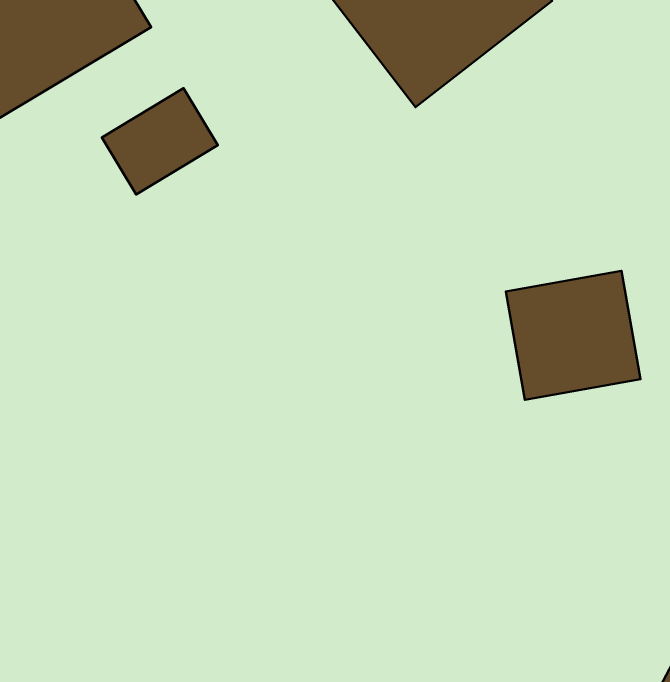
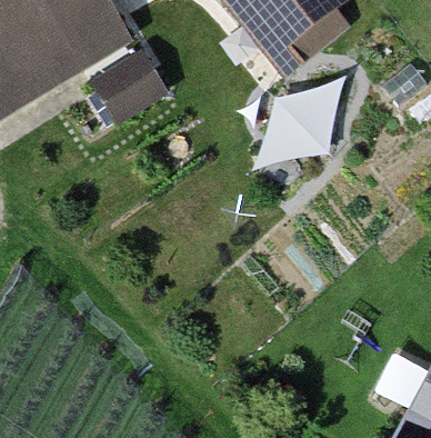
building: [506,271,641,400] -> [268,77,347,152]

